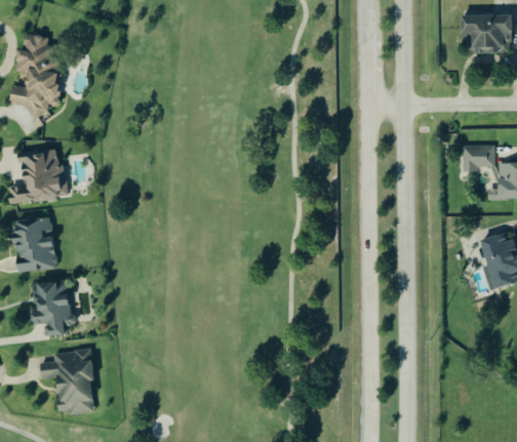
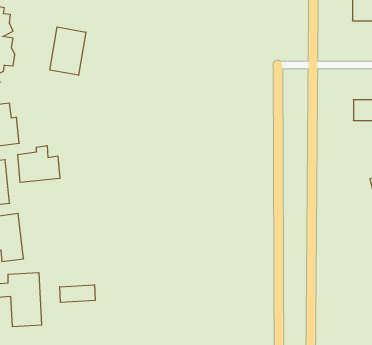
building: none -> [50,27,86,75]
building: none -> [18,146,60,182]
building: none -> [60,285,95,302]

